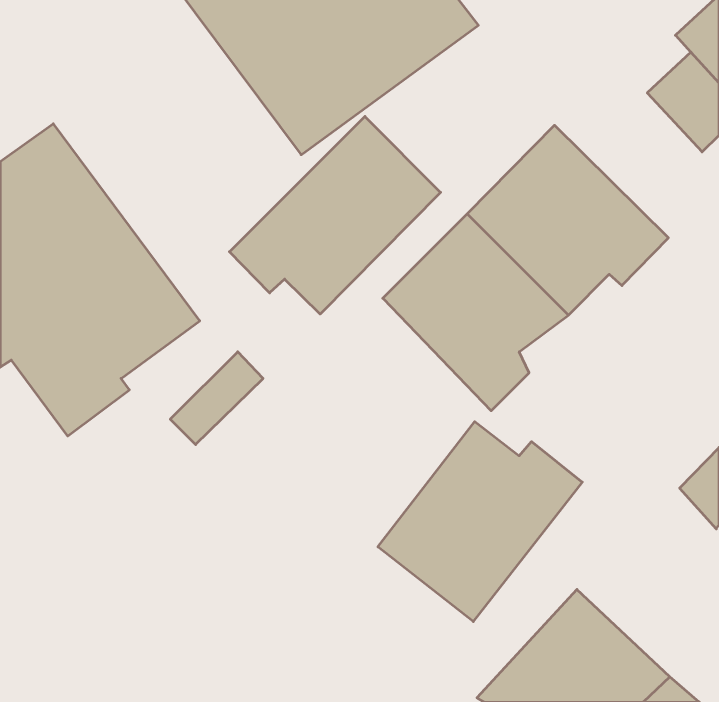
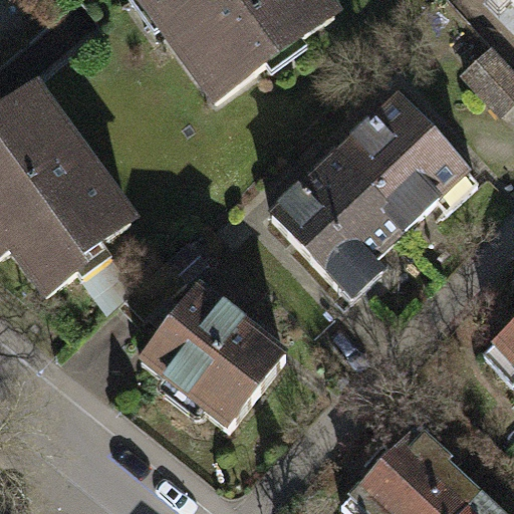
building: [229,116,441,314] -> none
building: none -> [140,280,285,422]
building: [378,422,582,622] -> none

